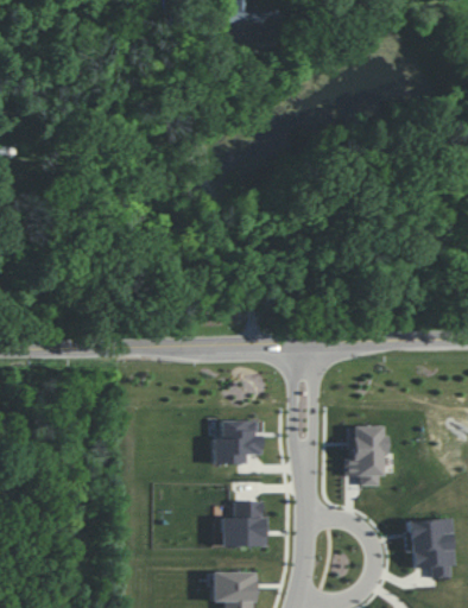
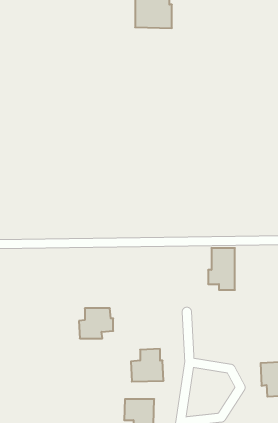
building: [214,420,263,463] -> [79,308,113,338]
building: [347,425,385,484] -> [208,248,235,290]

